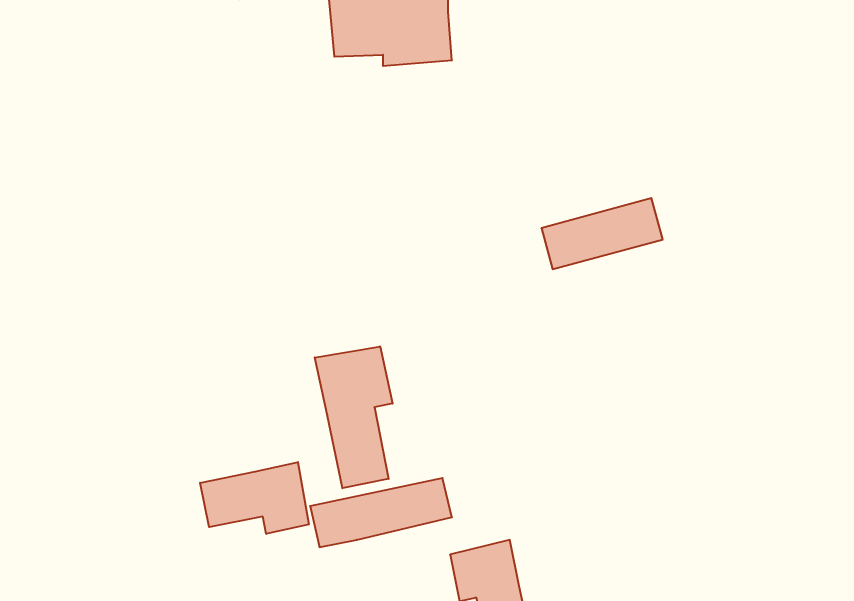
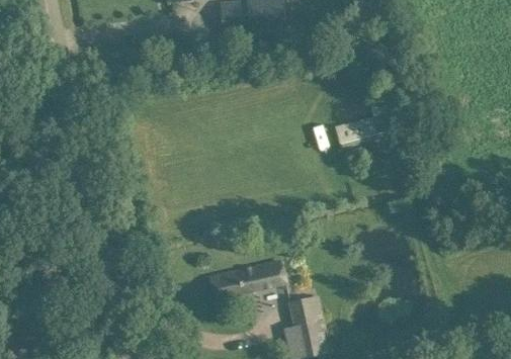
building: [315,346,393,488] -> none
building: [200,462,309,534] -> none

